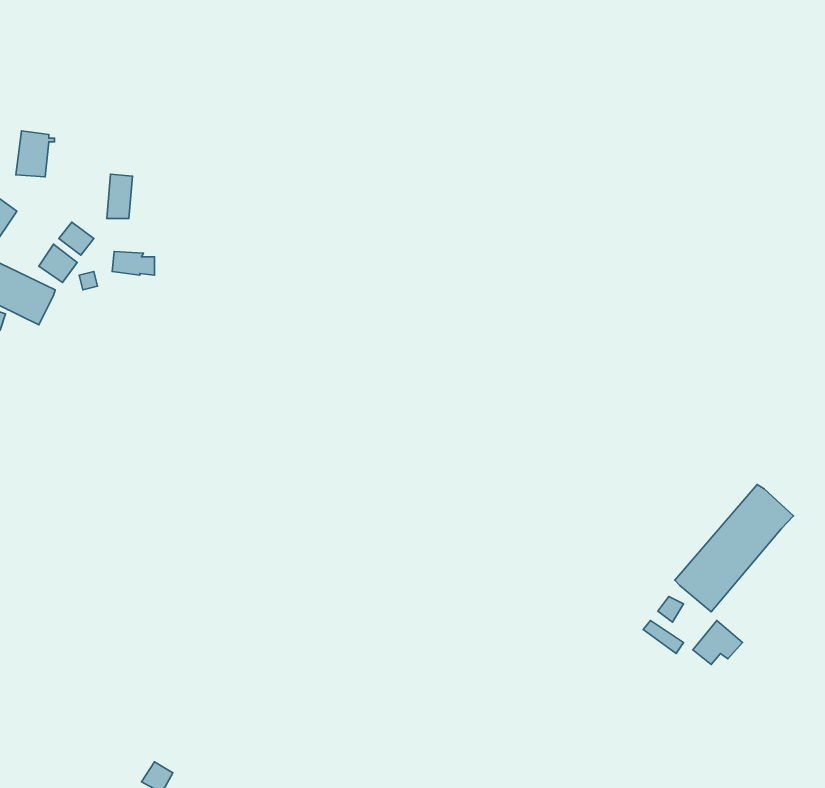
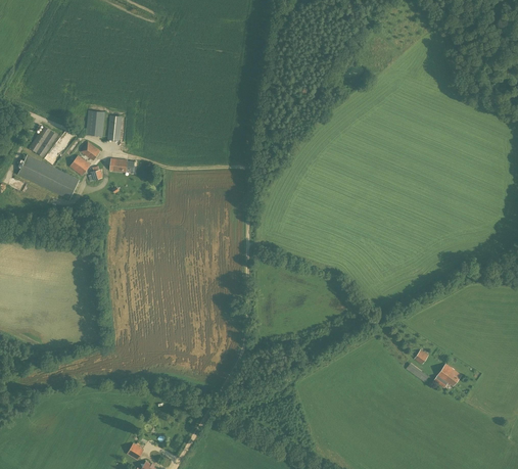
building: [16,131,54,177] -> [86,110,107,136]
building: [675,484,793,612] -> none

